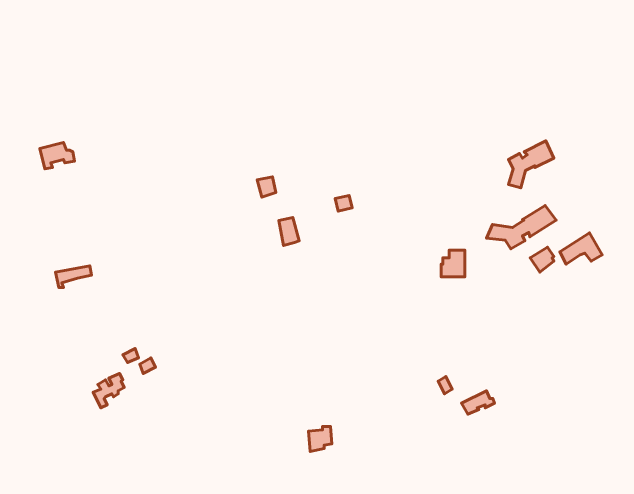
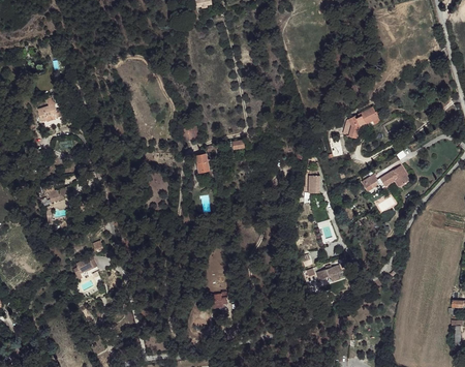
building: [487,205,556,249] -> none

